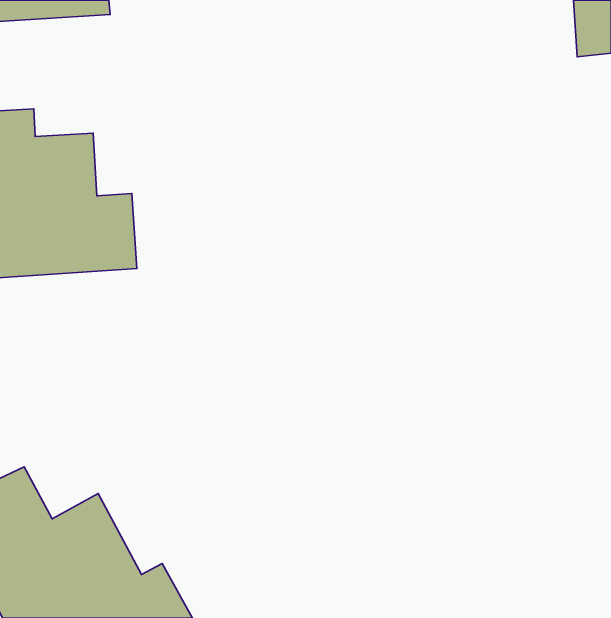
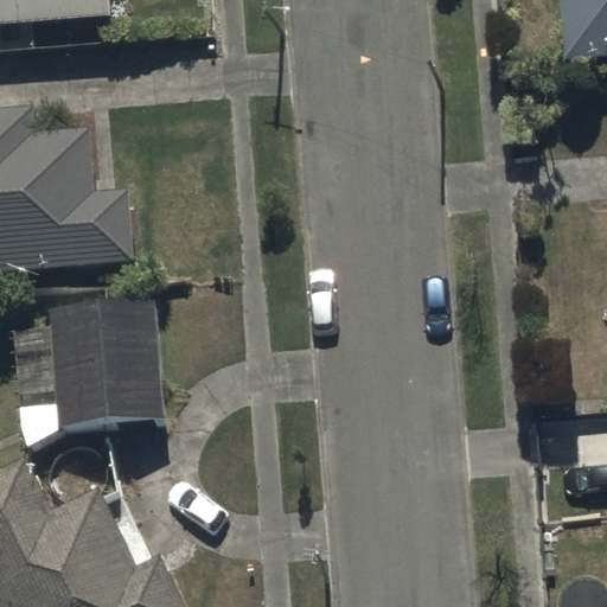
building: none -> [50,301,161,423]

